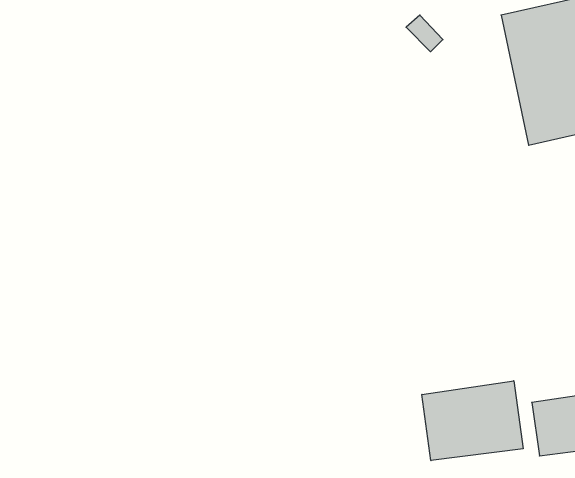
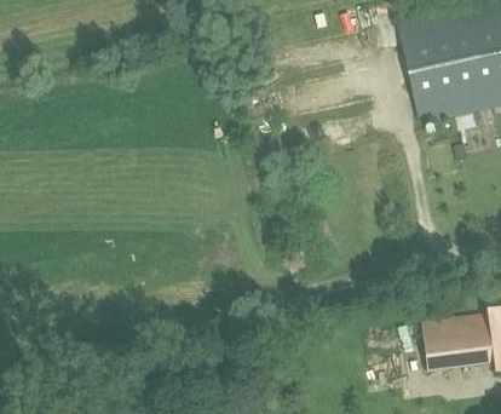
building: [422,381,523,461] -> none

